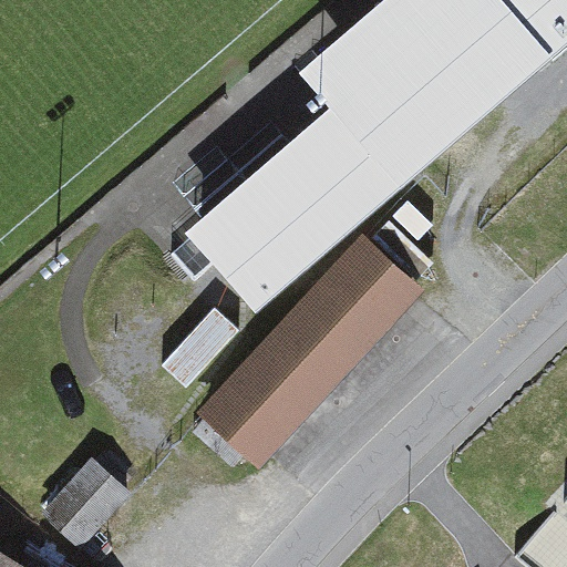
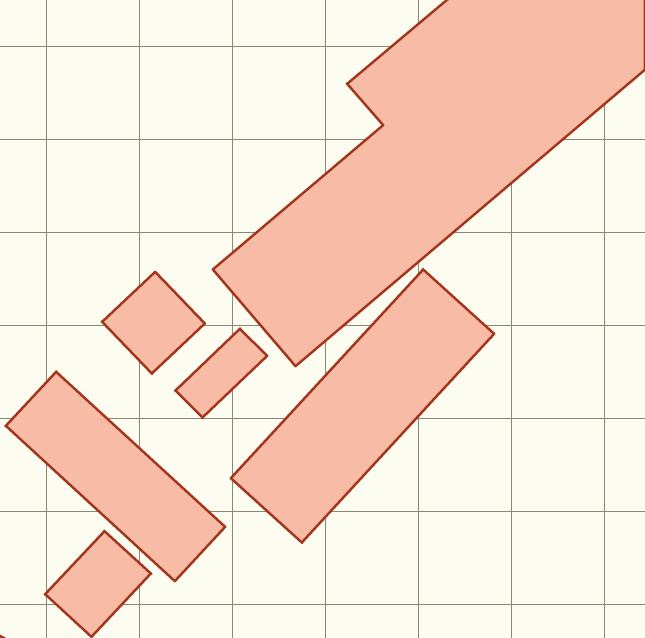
building: none -> [102,272,205,374]
building: none -> [6,372,225,581]

